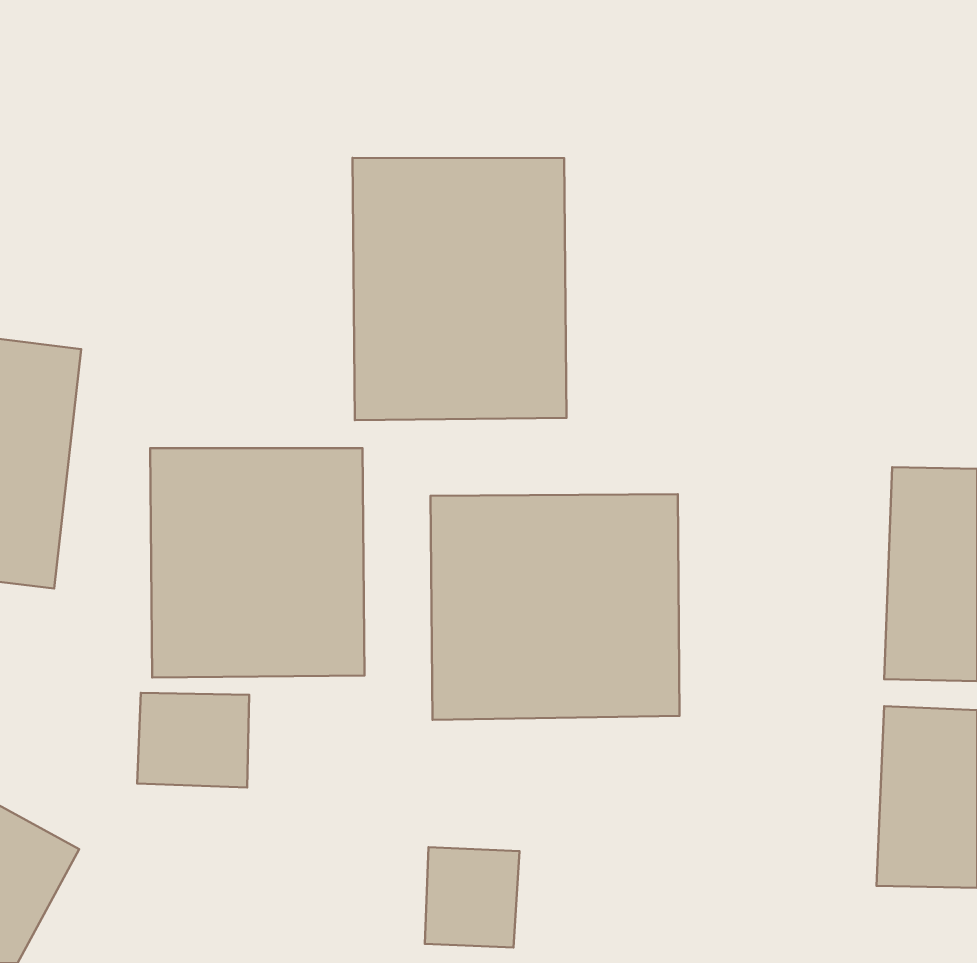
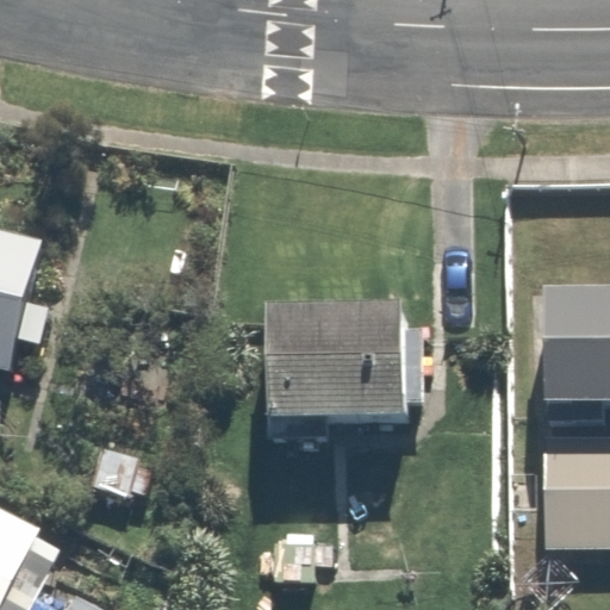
building: [353,158,566,420] -> none
building: [150,448,364,678] -> none

